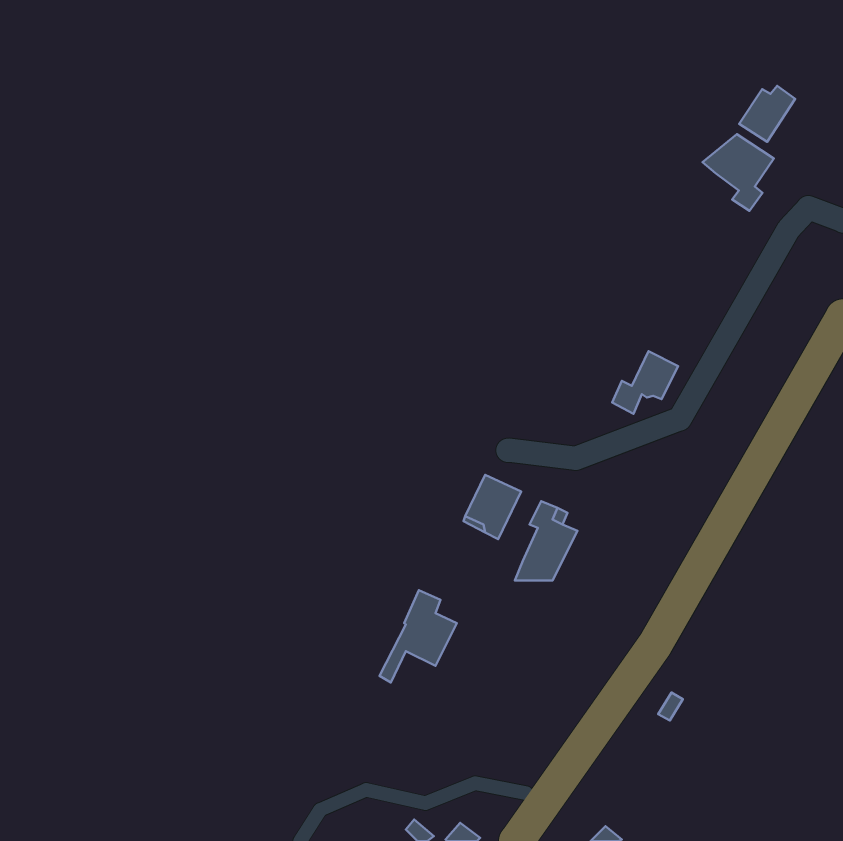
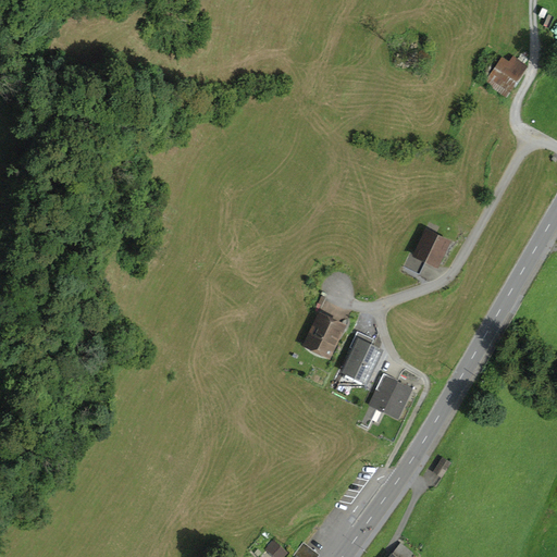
building: [702,134,774,211] -> none
building: [379,590,457,682] -> [360,367,411,428]

